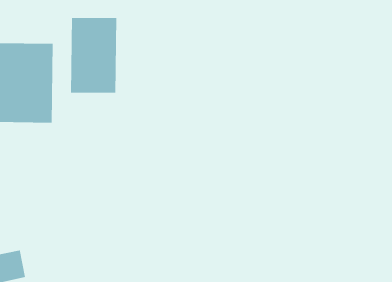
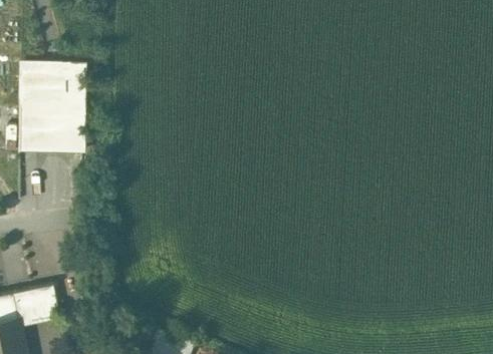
building: [71,17,117,94] -> none

